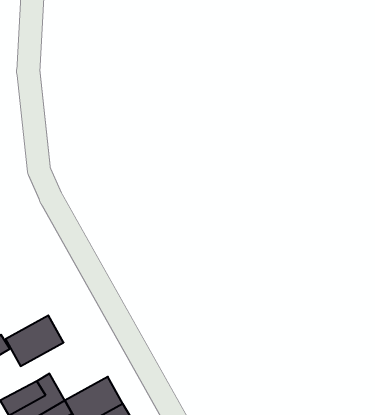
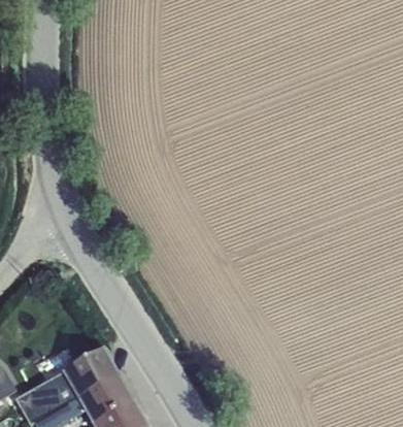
building: [5,315,64,366] -> [62,350,117,398]

